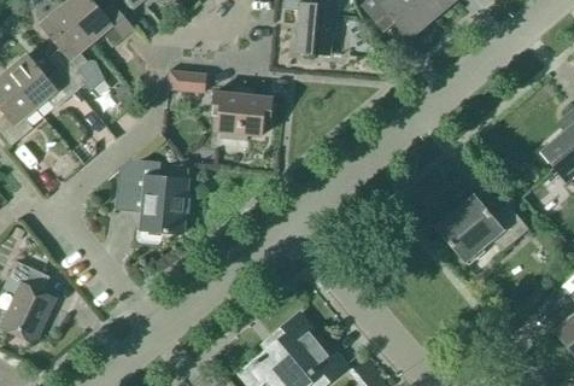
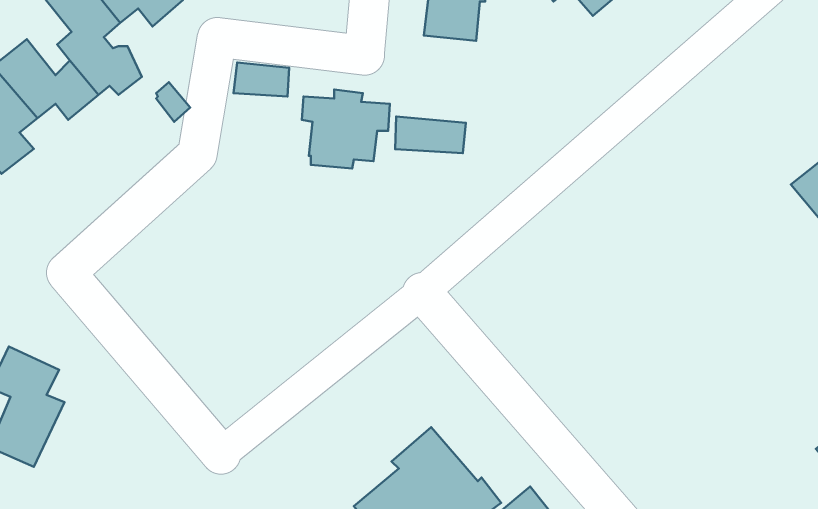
building: none -> [395,117,466,153]
building: [115,159,191,234] -> none
building: [434,194,527,263] -> none

